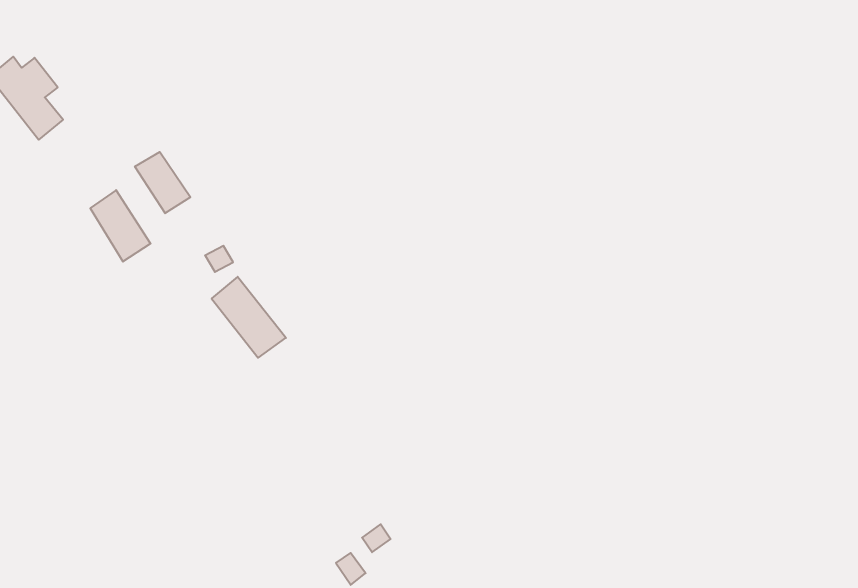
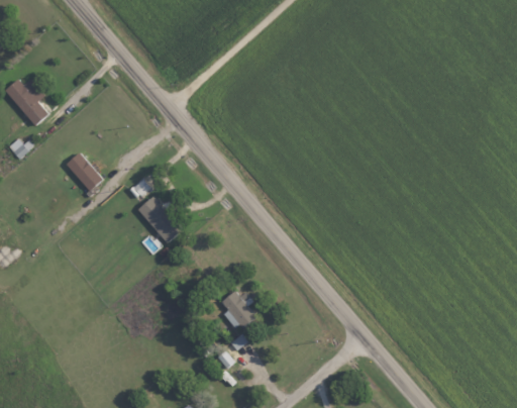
building: [135,152,190,213] -> none
building: none -> [220,290,253,329]

